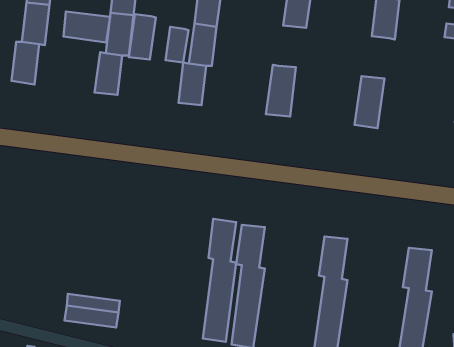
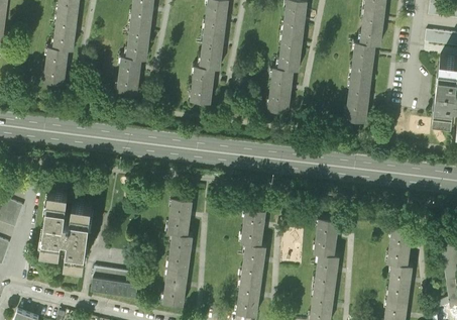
building: [63,12,110,42] -> none
building: [129,14,156,59] -> none
building: none -> [278,32,303,70]
building: [165,27,188,62] -> none
building: none -> [351,41,375,79]
building: none -> [41,187,93,262]
building: [203,219,236,342] -> [163,197,193,305]

